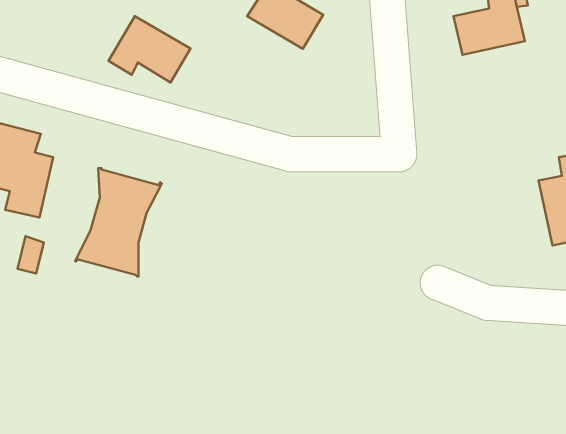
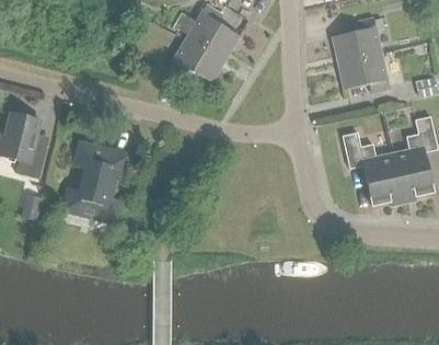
building: [108,16,191,83] -> [167,36,226,83]
building: none -> [338,54,390,93]
building: none -> [342,131,402,205]

